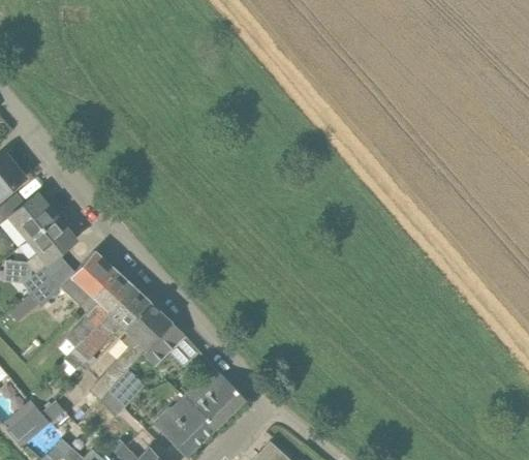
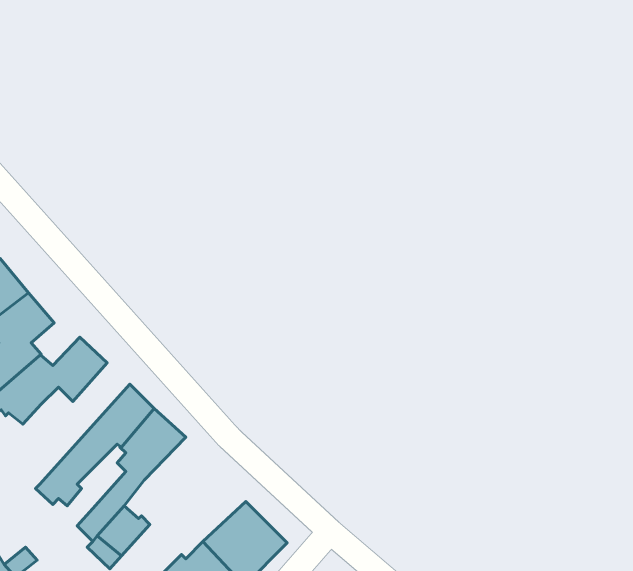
building: [58,269,131,357] -> none
building: [142,323,199,368] -> none

